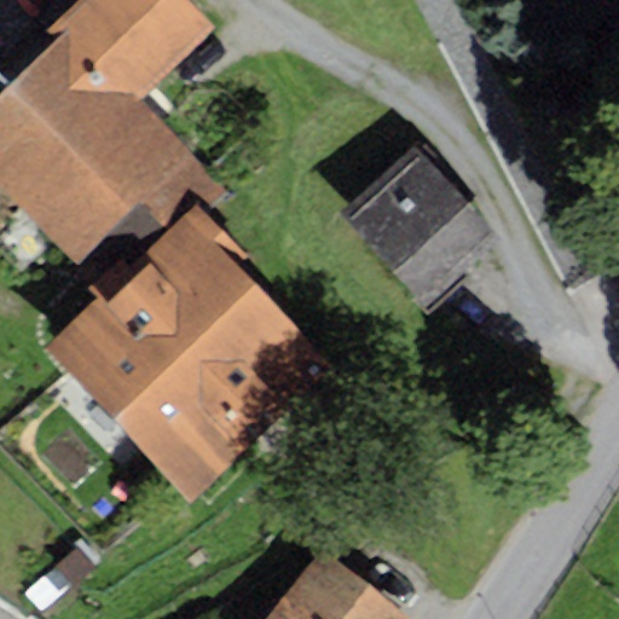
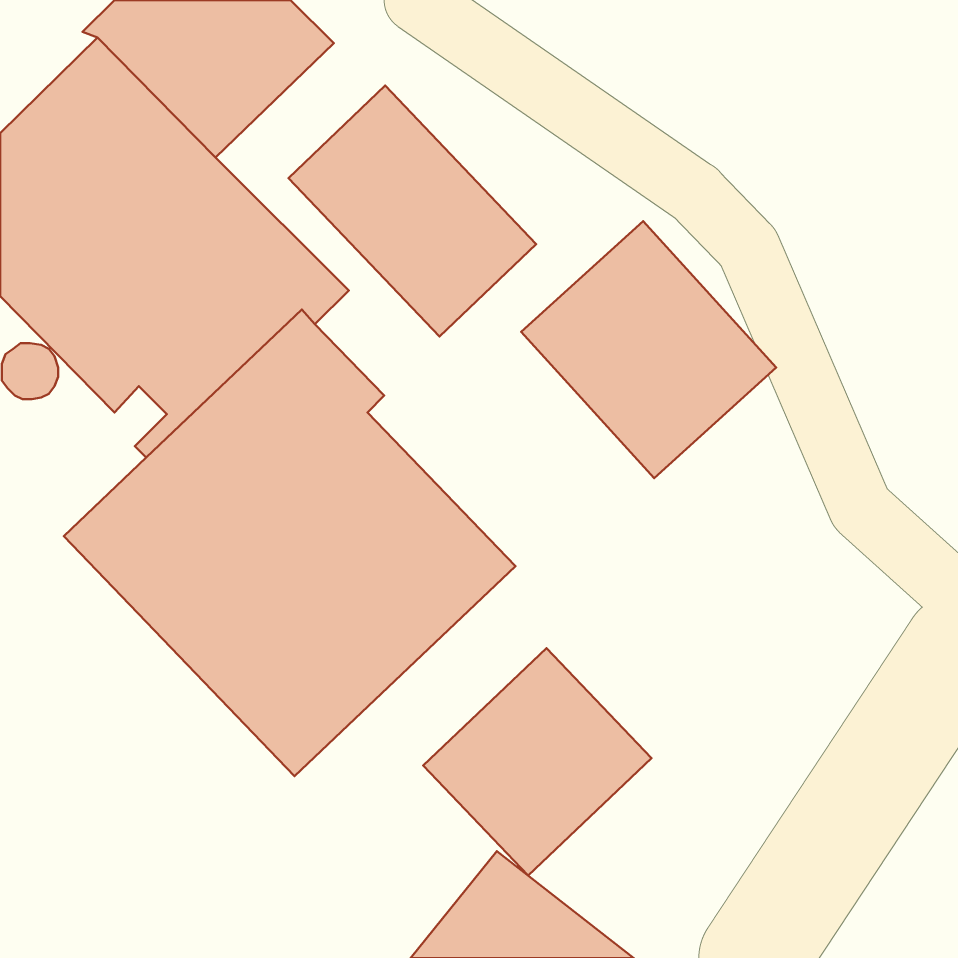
building: none -> [289,86,536,336]
building: none -> [423,648,651,876]

